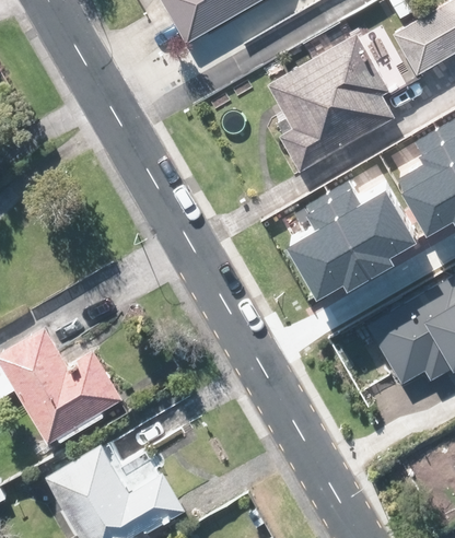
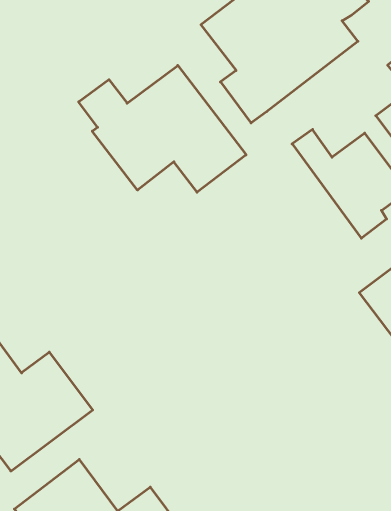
building: none -> [79,65,246,192]
building: [291,196,373,301] -> none

